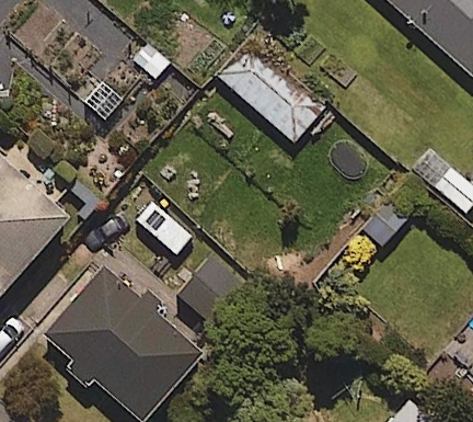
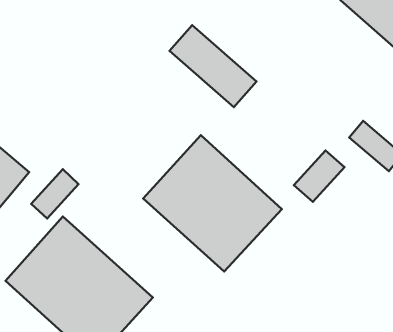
building: none -> [143,135,282,272]

